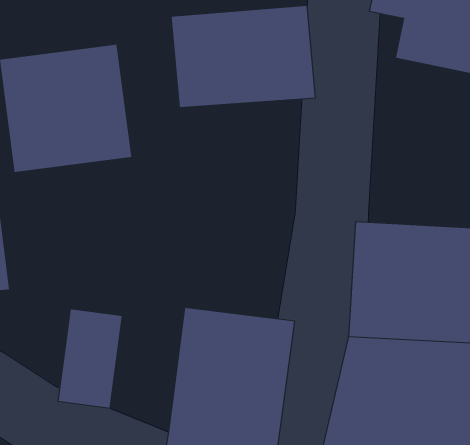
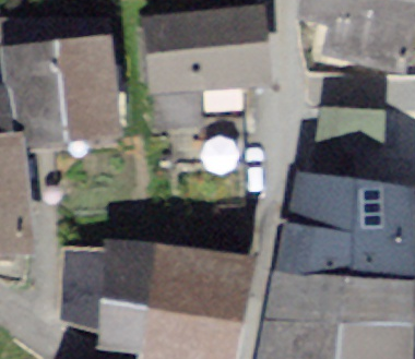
building: none -> [98,239,159,346]

